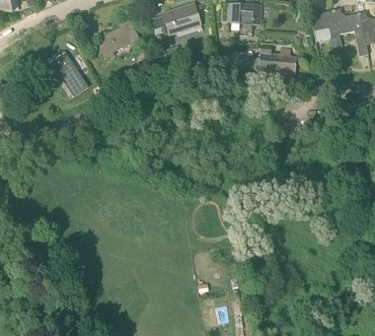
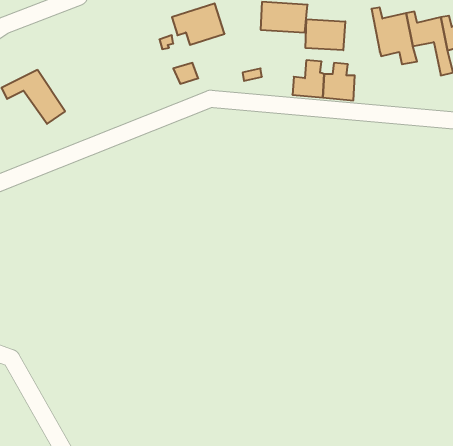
building: none -> [306,19,345,50]
building: [98,19,140,59] -> none

